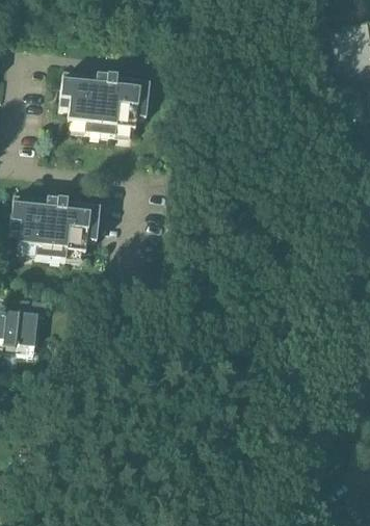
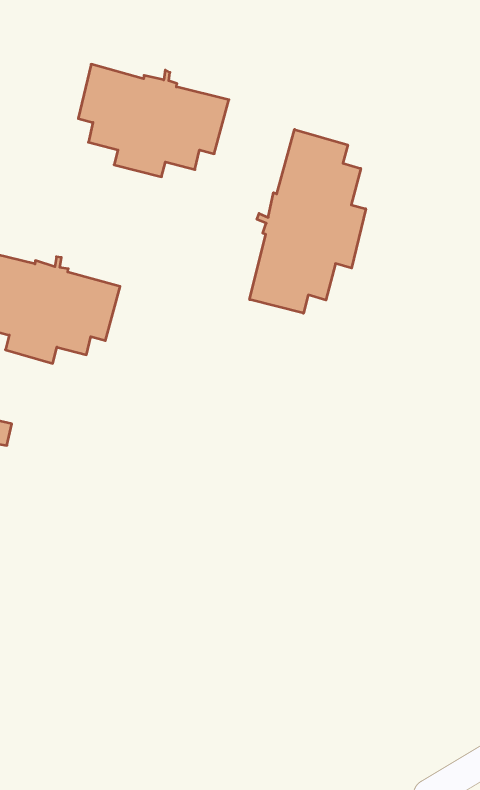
building: none -> [250,129,366,313]

